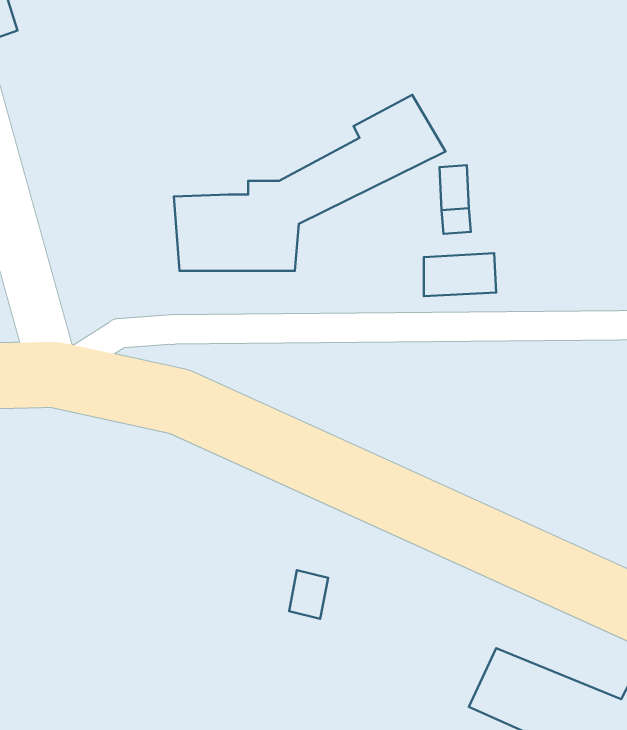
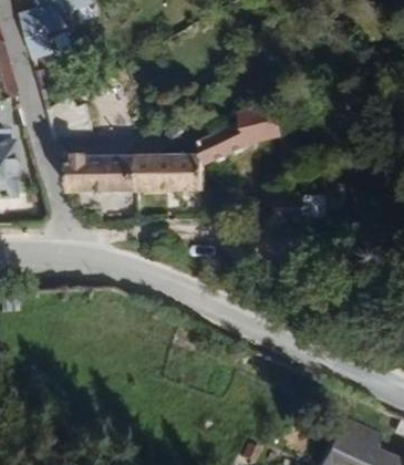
building: none -> [55,144,173,203]

